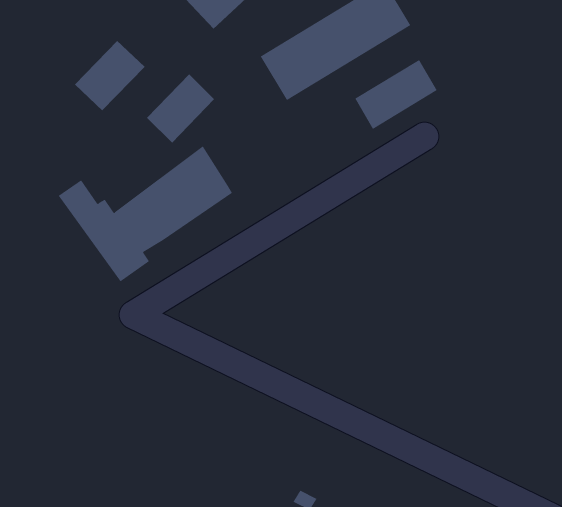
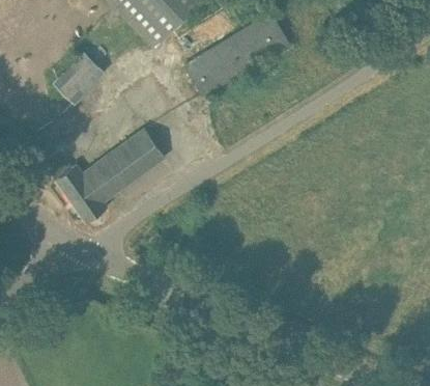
building: [354,59,438,130] -> none
building: [146,73,215,143] -> none

